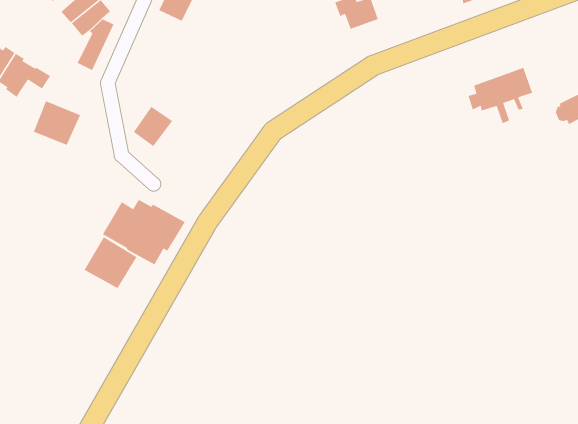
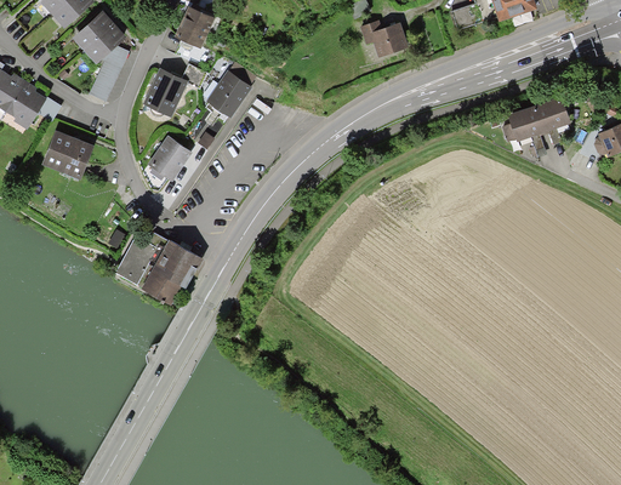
building: none -> [143,63,207,116]
building: none -> [206,72,250,116]
building: [84,236,138,289] -> none

